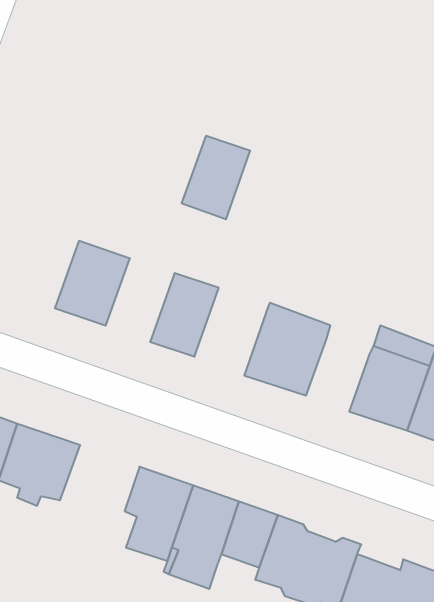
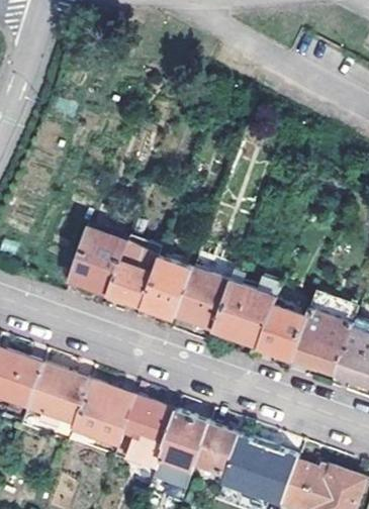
building: [182,136,250,219] -> [109,243,161,306]
building: none -> [176,266,232,331]
building: none -> [260,304,307,359]
building: none -> [74,384,134,447]

